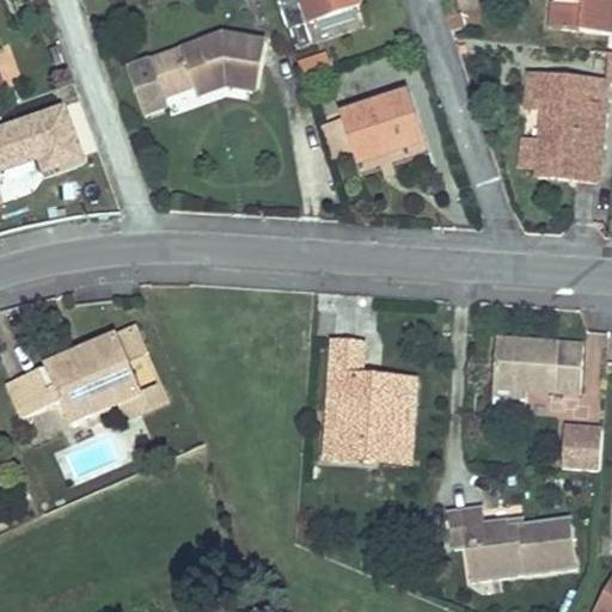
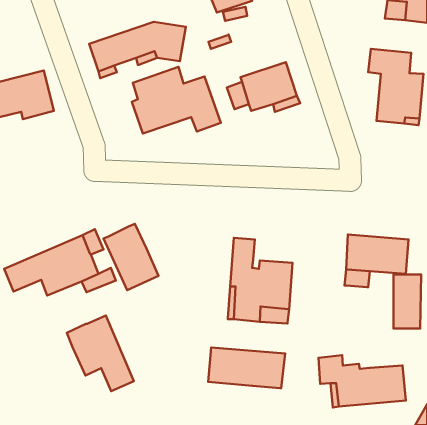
building: none -> [132,67,221,134]
building: none -> [104,224,158,290]
building: none -> [67,315,134,391]
building: none -> [208,347,285,388]

